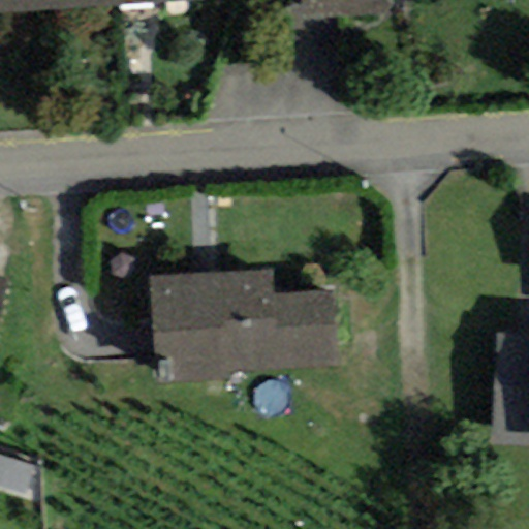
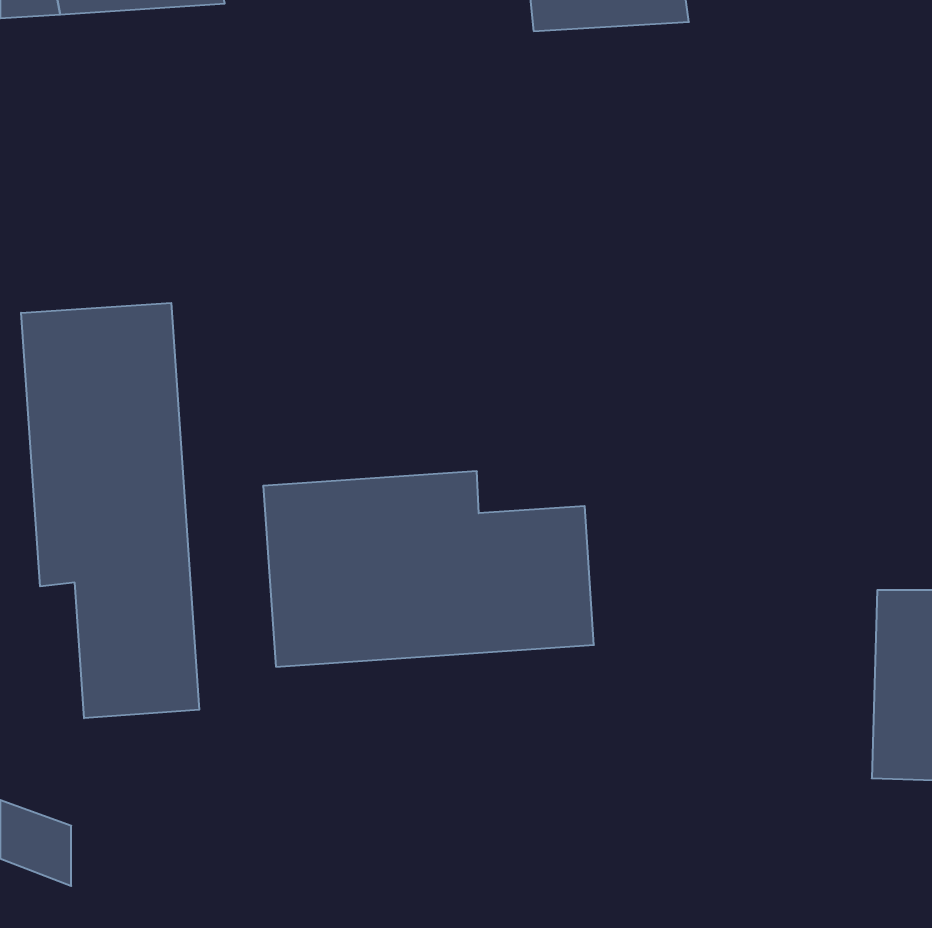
building: none -> [21,303,199,718]

